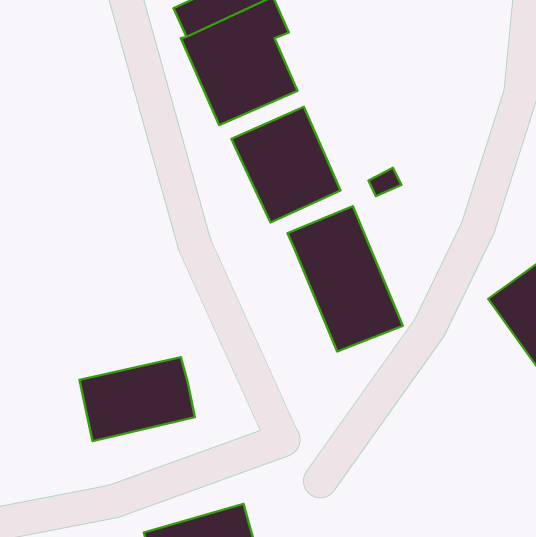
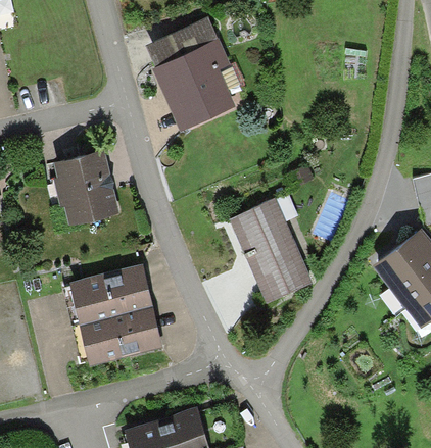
building: [231,107,341,223] -> none
building: none -> [51,152,118,228]
building: none -> [68,257,151,315]

